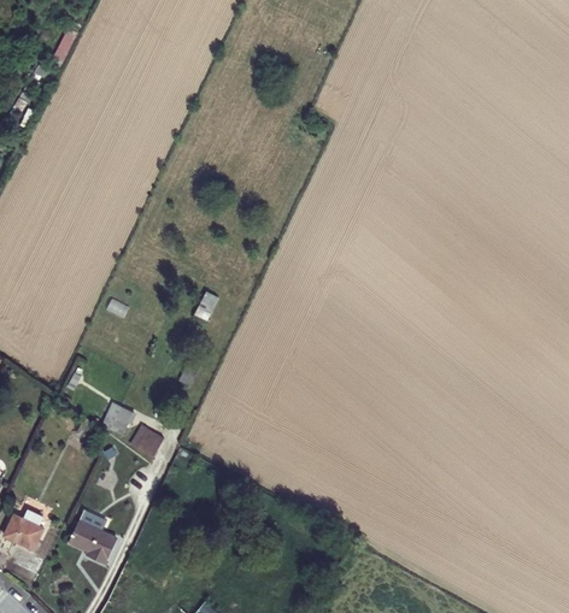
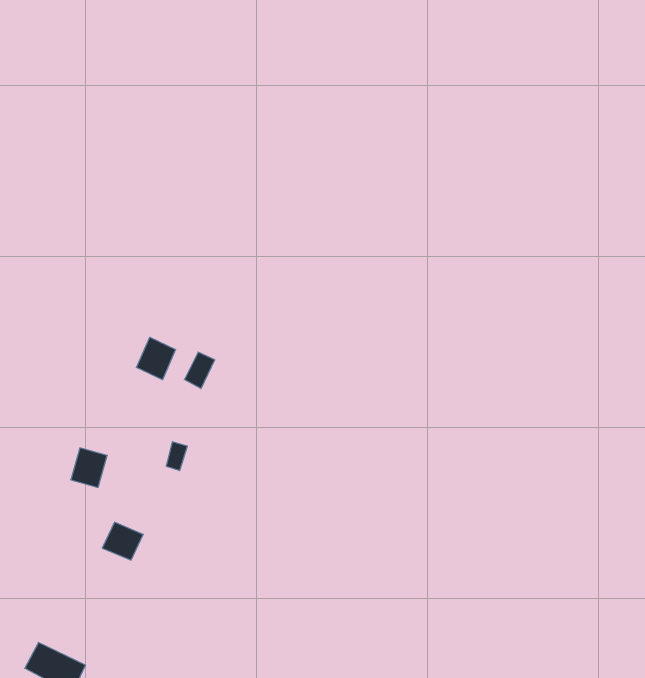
building: none -> [137,337,176,380]
building: [102,402,131,434] -> [71,448,107,487]

